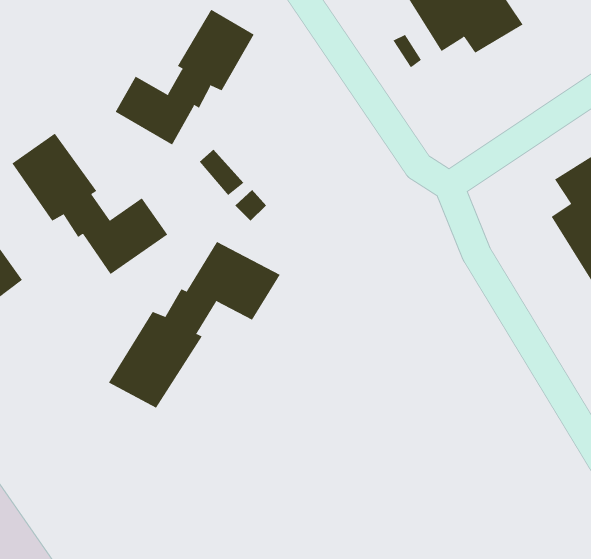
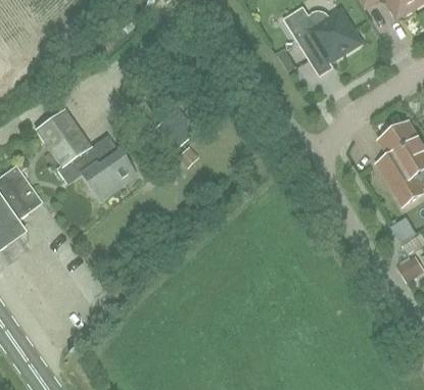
building: [115,9,254,145] -> none
building: [108,241,281,408] -> none

